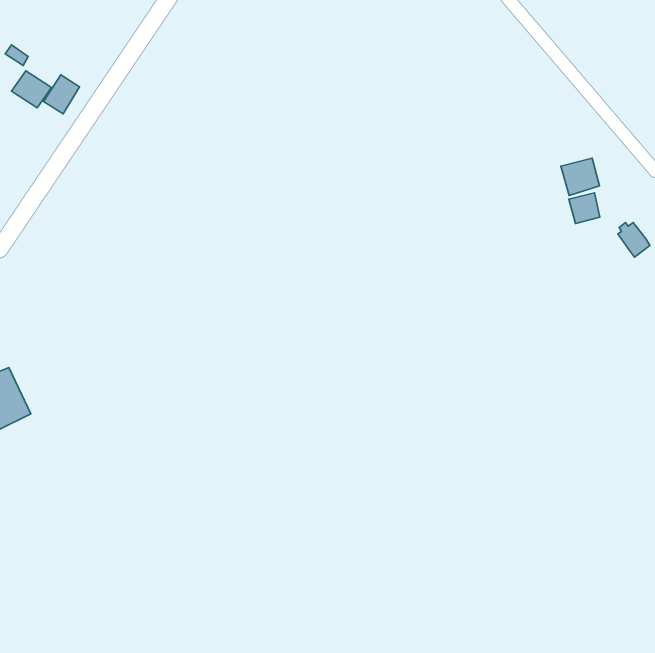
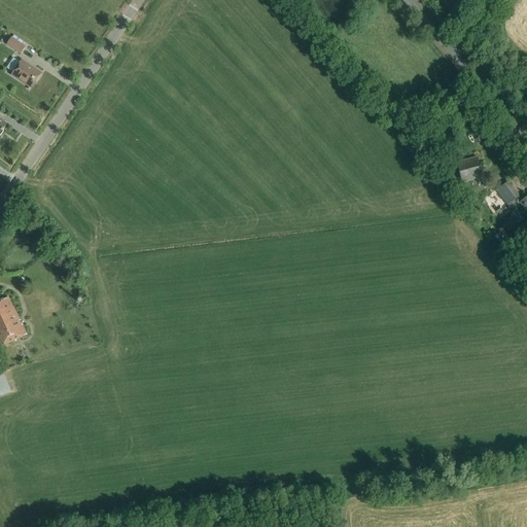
building: [44,75,79,114] -> none
building: [561,158,600,195] -> none

